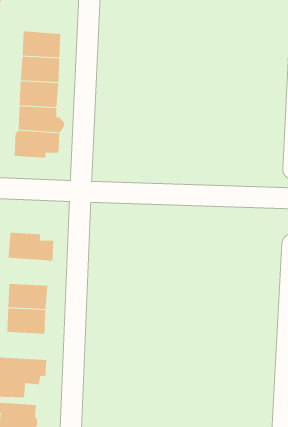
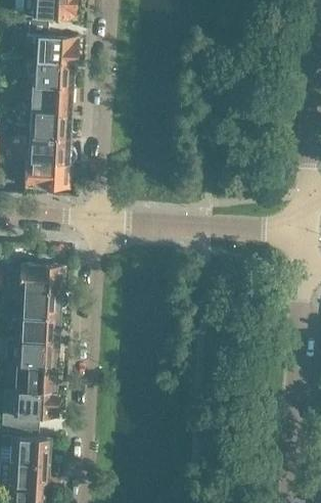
building: none -> [34,34,78,61]
building: none -> [19,288,68,316]
building: none -> [16,363,56,391]

